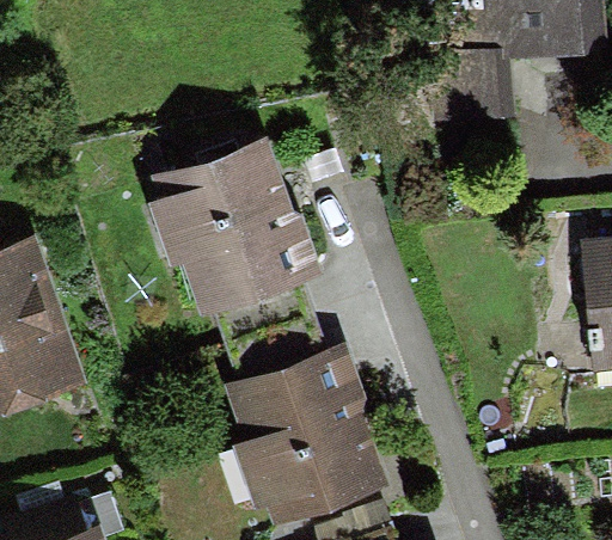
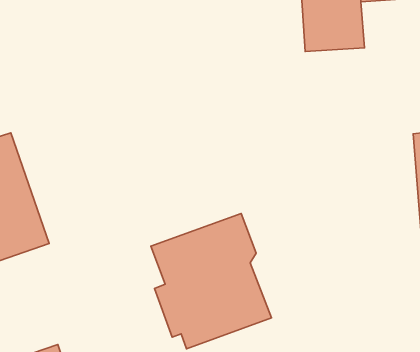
building: [151,145,307,320] -> none

